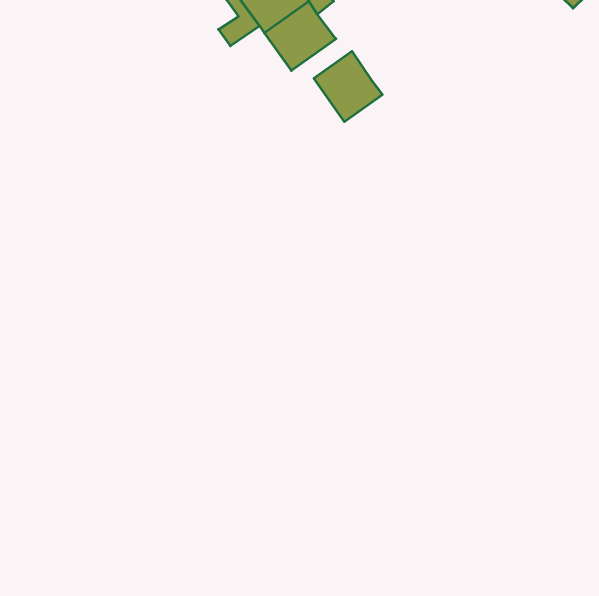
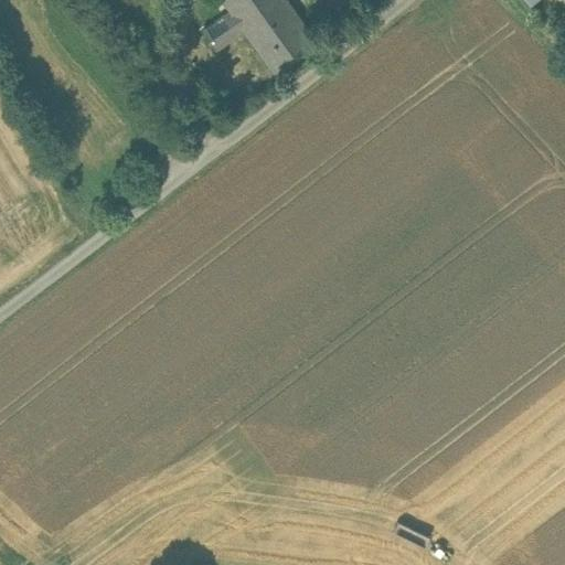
building: [314,51,382,122] -> none

